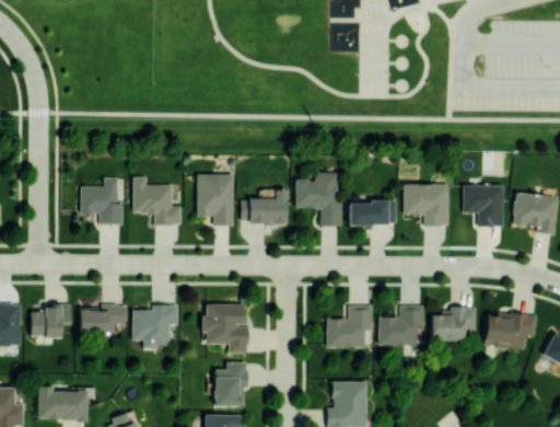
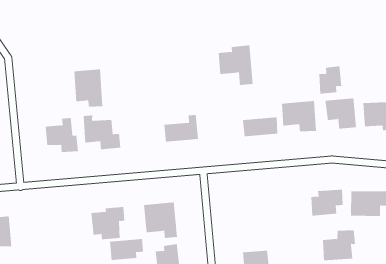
building: none -> [319,66,342,95]
building: [295,172,340,226] -> [218,45,254,85]
building: [197,174,235,226] -> [73,69,103,107]
building: [31,303,71,337] -> none
building: [80,305,126,332] -> [109,238,144,261]
building: [327,305,373,347] -> none
building: [378,305,424,346] -> [322,230,356,261]

